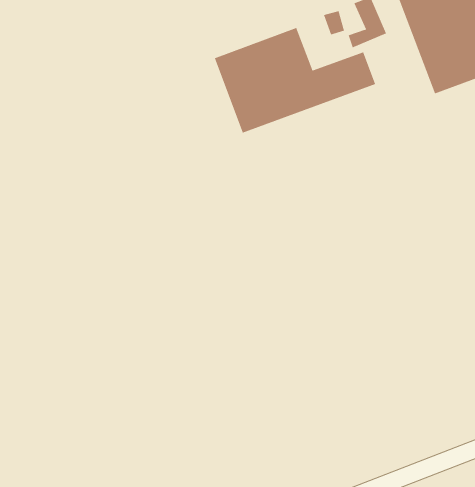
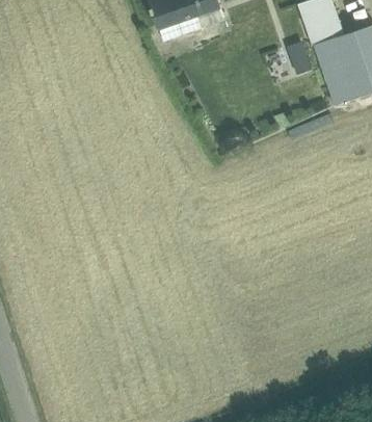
building: [214,27,376,134] -> none

